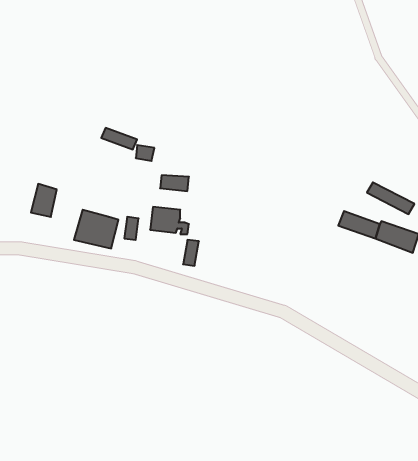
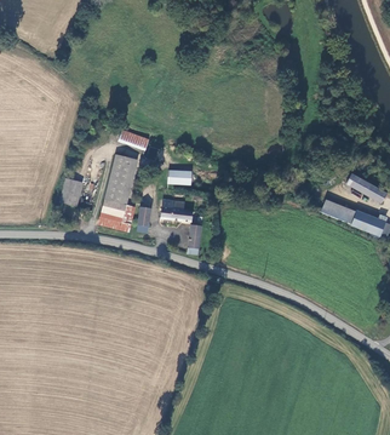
building: none -> [104,151,137,206]

